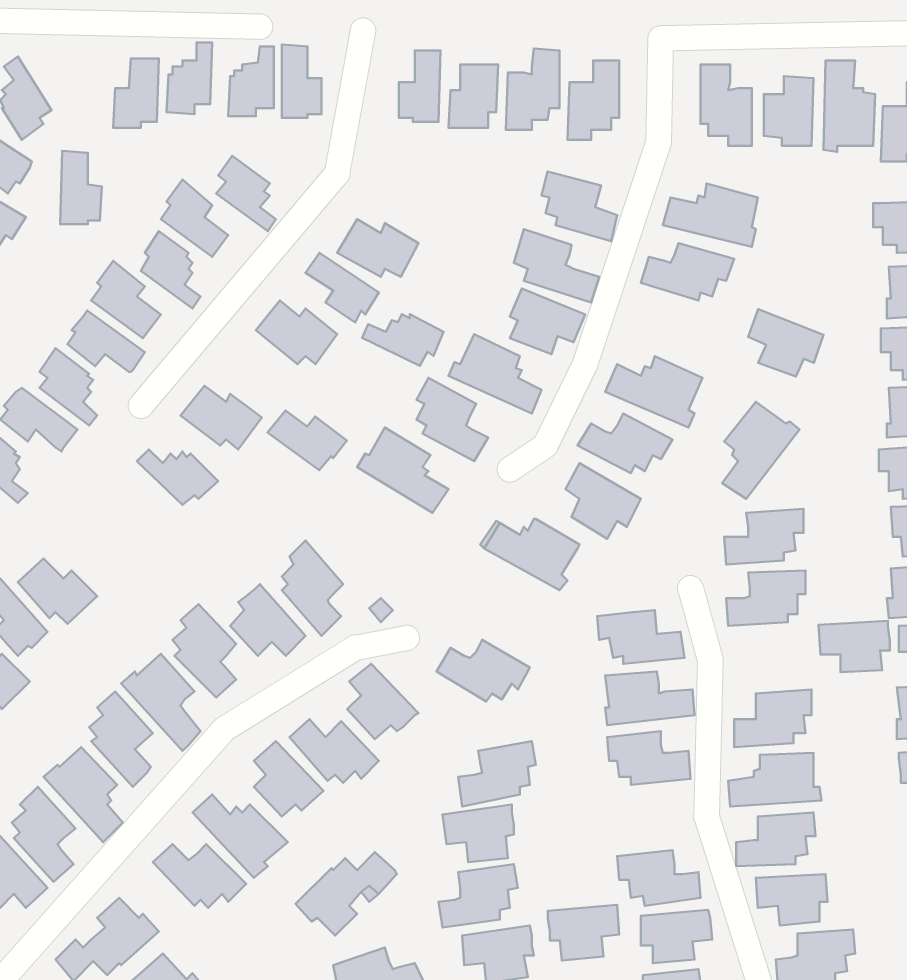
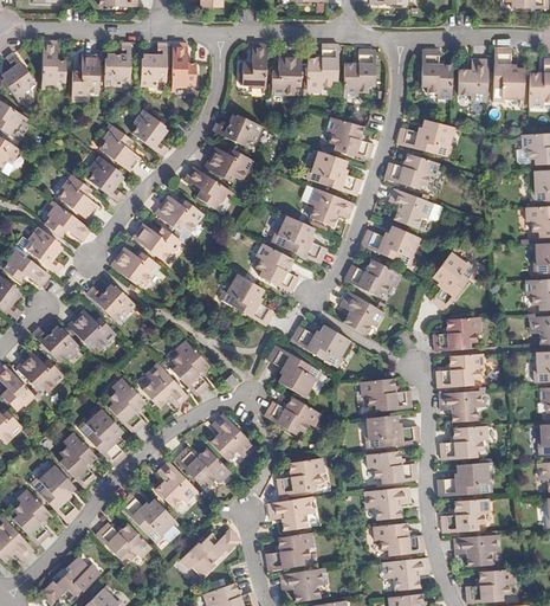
building: [60,151,102,224] -> [40,37,65,80]
building: [748,309,824,377] -> [390,189,435,230]
building: [362,314,443,366] -> [213,116,261,147]
building: [268,411,347,470] -> [134,223,181,258]
building: none -> [67,307,115,347]
building: none -> [28,323,77,356]
building: none -> [265,344,322,397]
building: [819,621,890,672] -> [440,392,483,423]
building: [548,905,619,960] -> [367,486,409,520]

